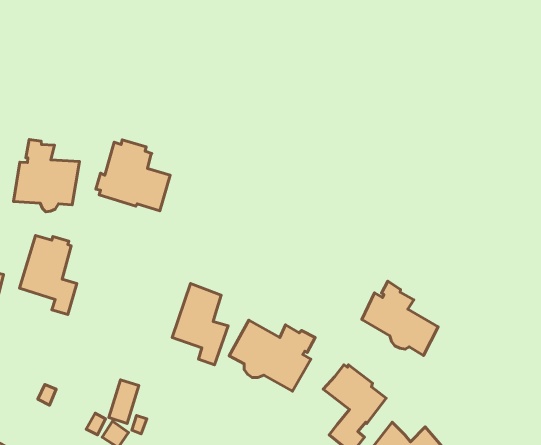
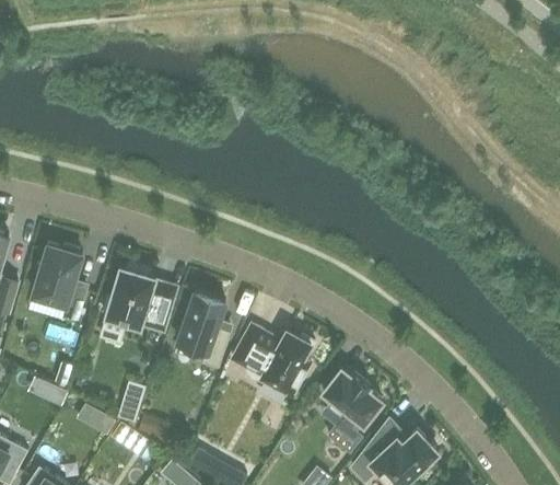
building: [14,140,80,212] -> none
building: [96,140,170,211] -> [102,265,173,333]
building: [362,281,438,356] -> none

